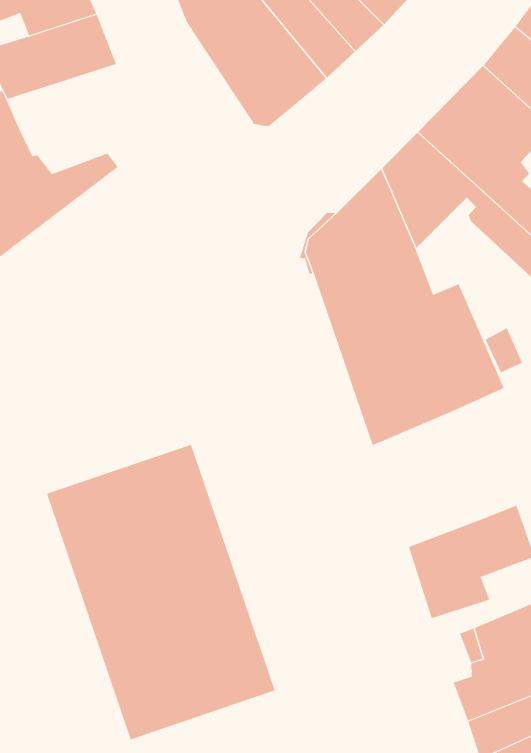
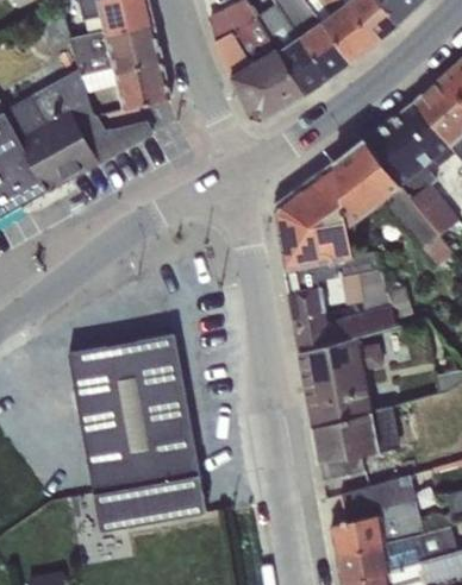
building: none -> [82,62,170,109]
building: none -> [299,338,383,427]

